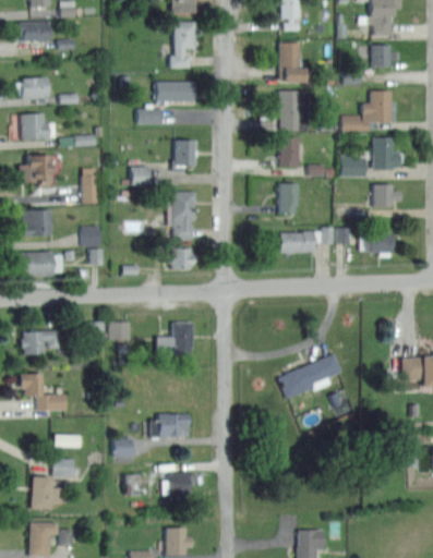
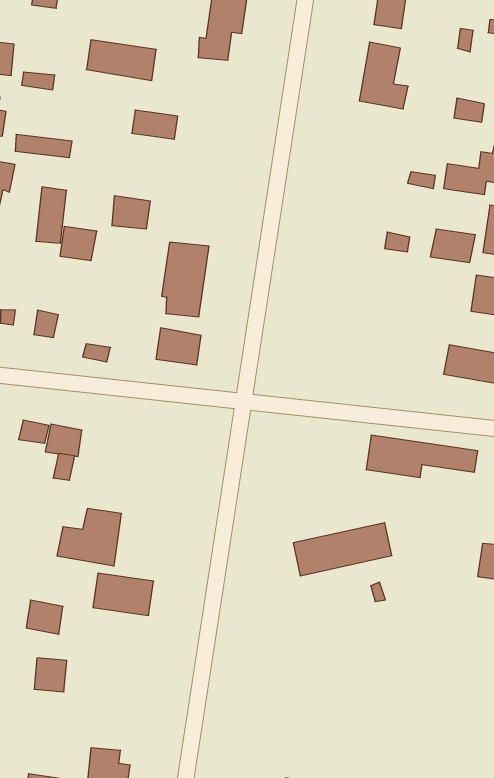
building: [153,82,196,102] -> [86,40,156,81]
building: [279,90,309,131] -> none
building: [279,137,300,168] -> none
building: [177,140,196,168] -> none
building: [278,183,299,214] -> none
building: [80,227,101,246] -> [60,227,97,261]
building: [280,230,351,253] -> [366,435,478,477]
building: [156,323,194,357] -> [57,509,122,566]
building: [161,473,195,497] -> none

